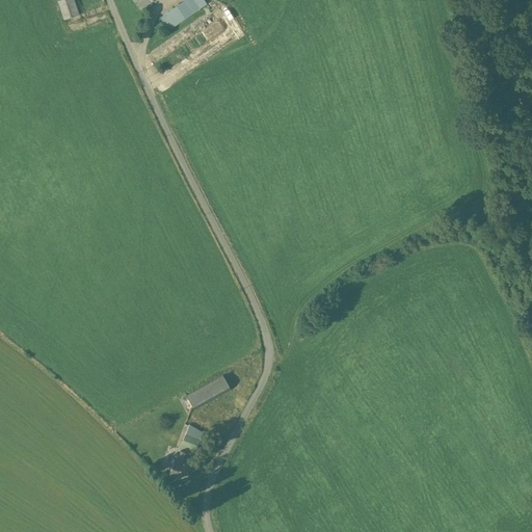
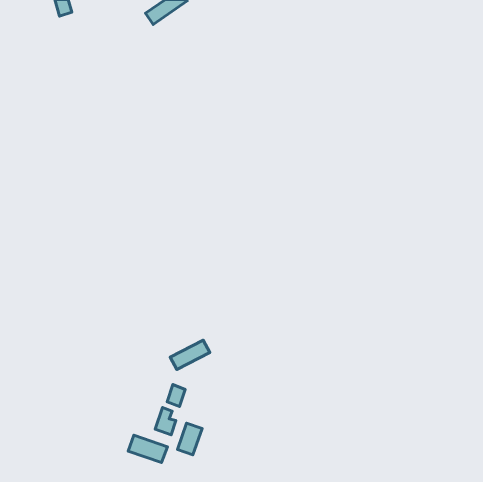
building: none -> [177,423,202,455]
building: none -> [128,435,167,463]

